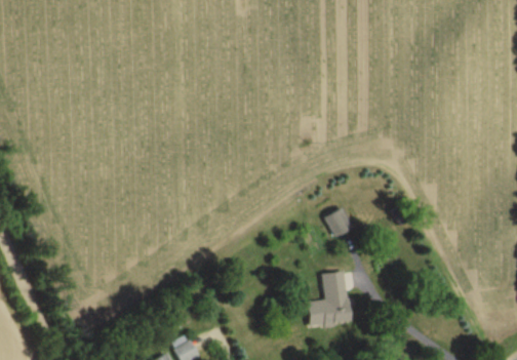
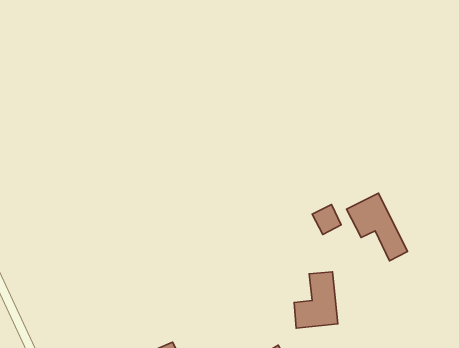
building: none -> [346,193,408,261]

